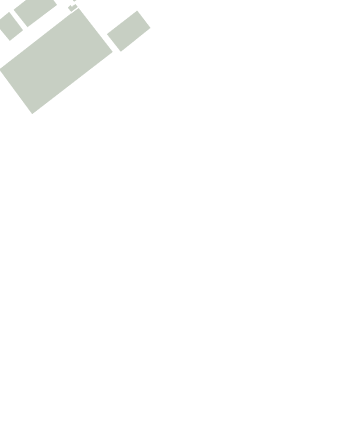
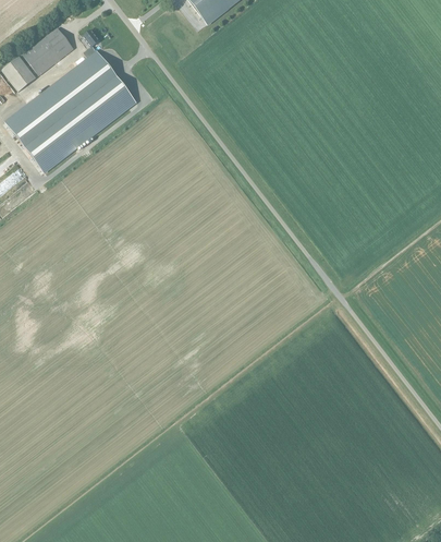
building: [106,9,151,53] -> none

